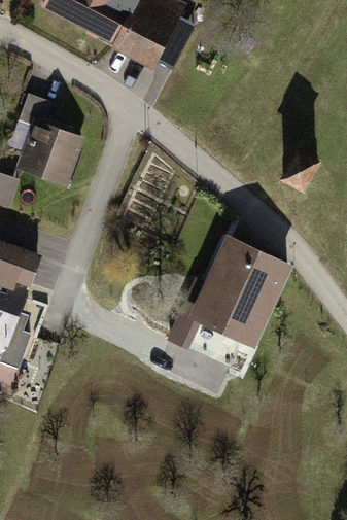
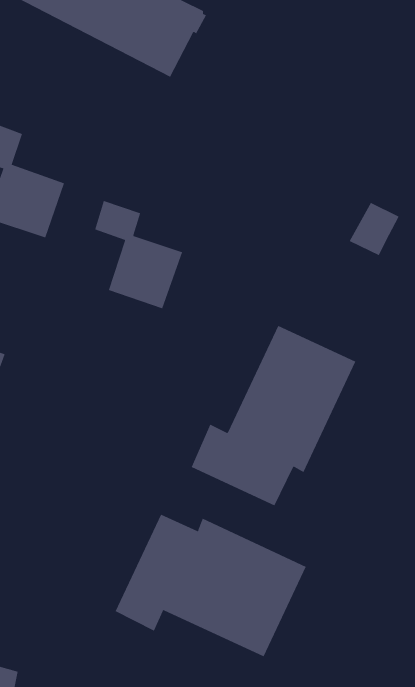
building: none -> [95,200,183,309]
building: none -> [115,514,306,657]

